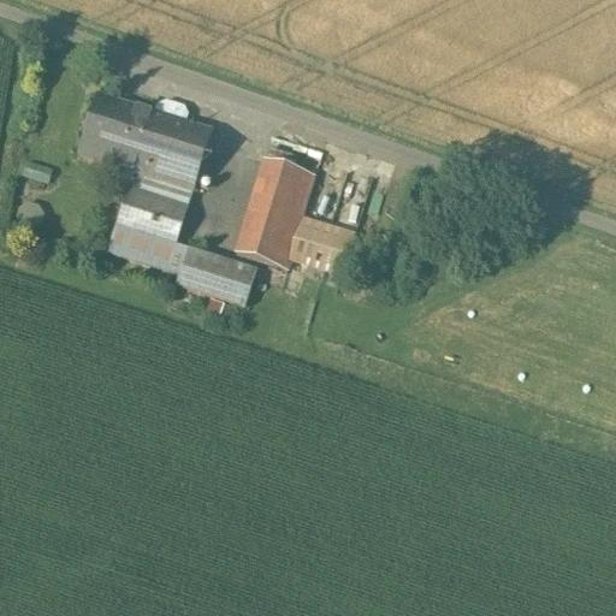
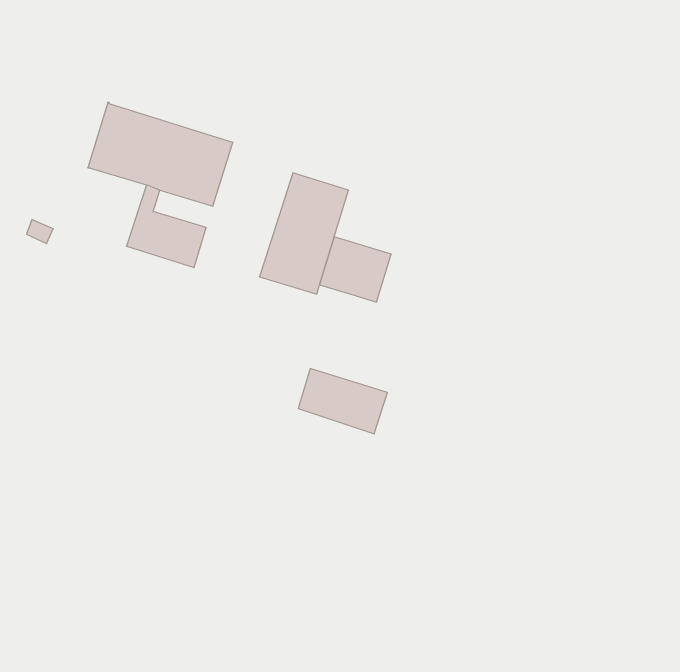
building: [107,223,176,267] -> none
building: [176,245,256,304] -> [298,369,387,434]

